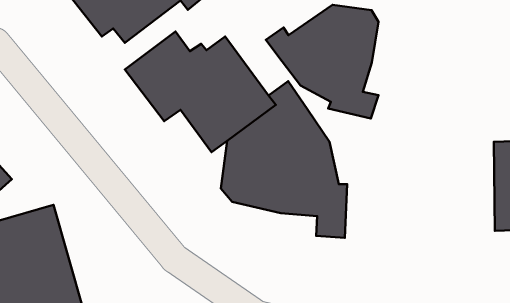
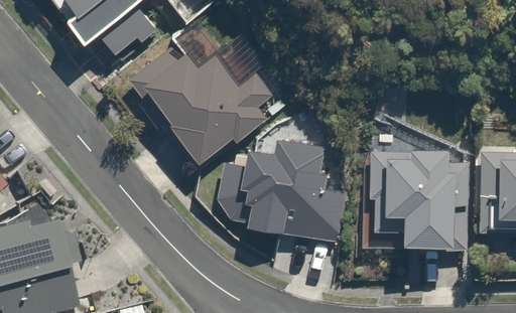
building: [266,5,379,118] -> none
building: none -> [360,143,468,254]

